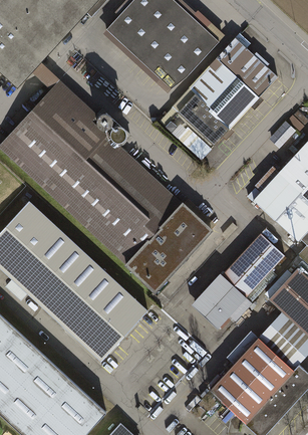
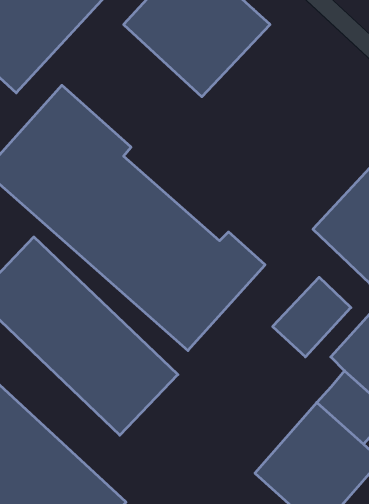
building: [158,34,278,159] -> none
building: [195,272,249,325] -> none

